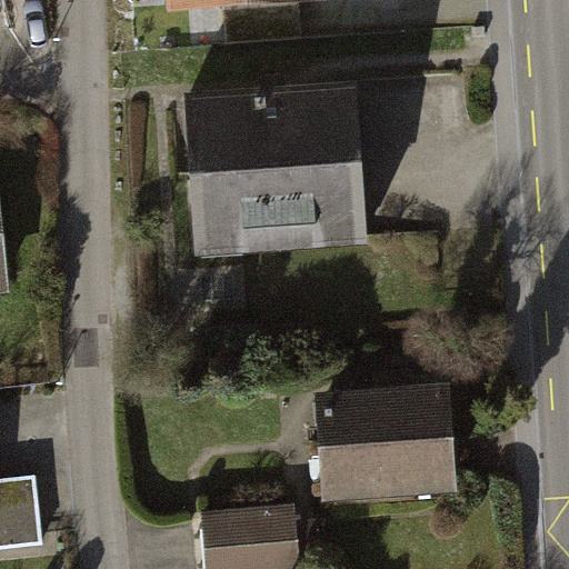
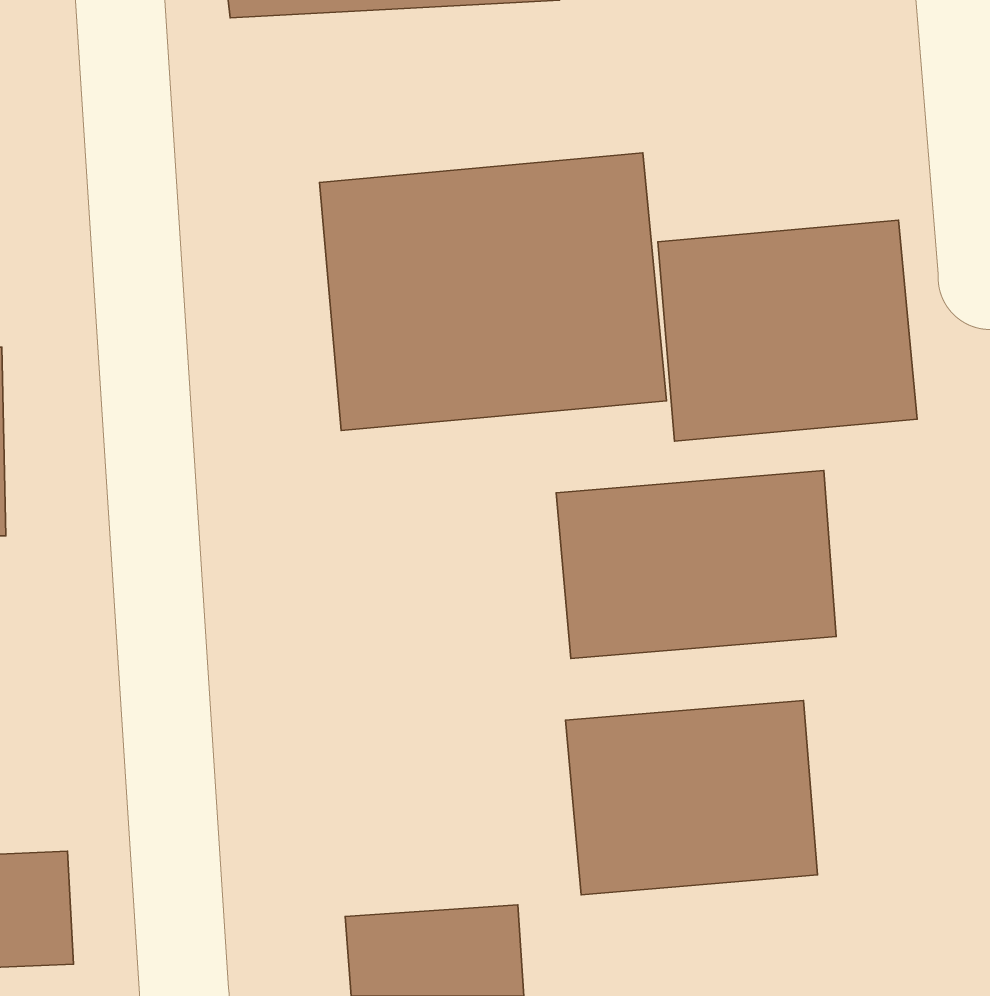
building: none -> [658,220,917,441]
building: none -> [556,471,836,658]

